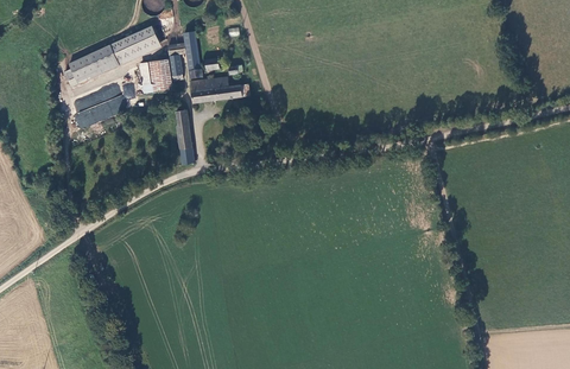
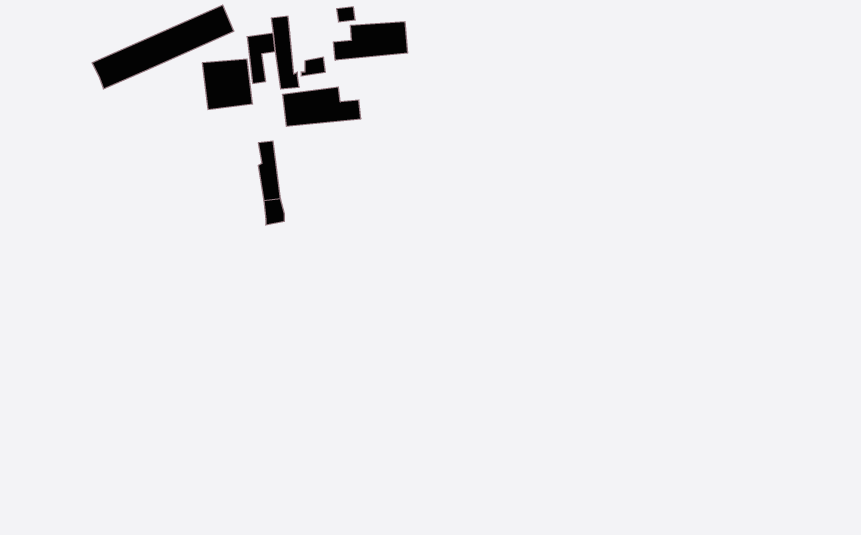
building: none -> [333,22,408,60]
building: [71,82,134,127] -> none

